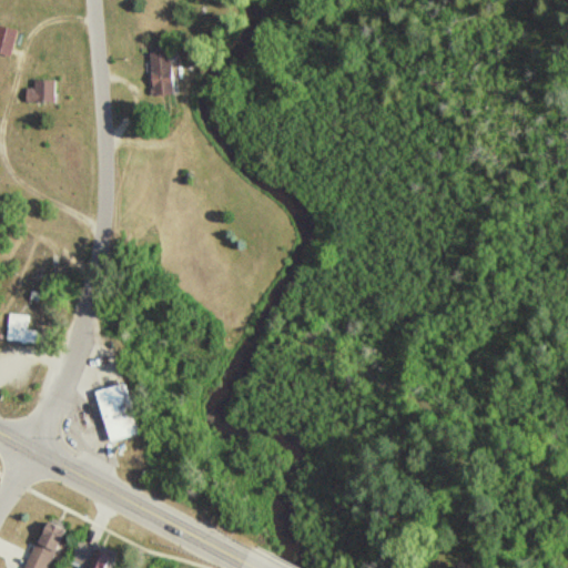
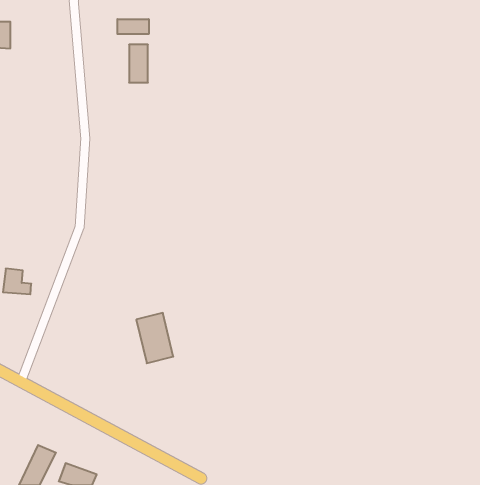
building: none -> [117,19,149,34]
building: [23,80,52,102] -> none
building: [95,384,139,443] -> [136,313,173,363]

